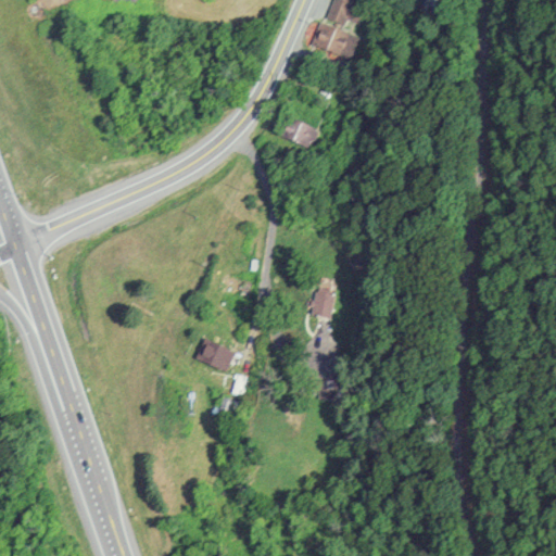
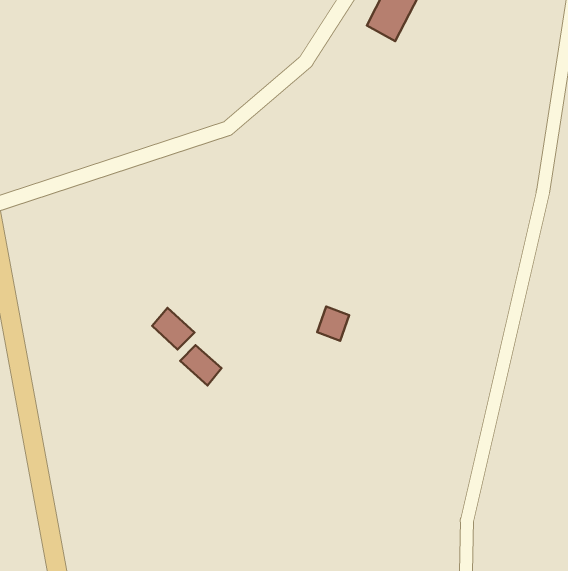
building: [289,118,318,149] -> none
building: none -> [152,308,195,349]

